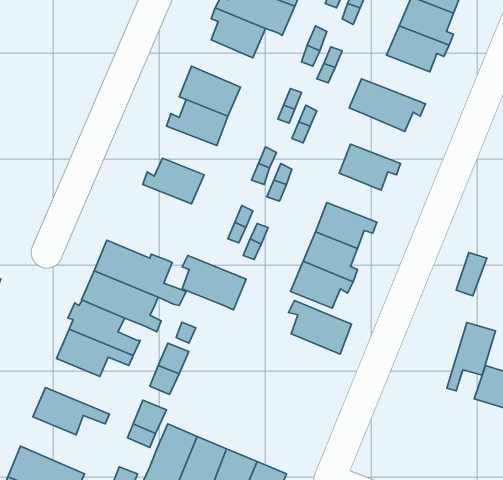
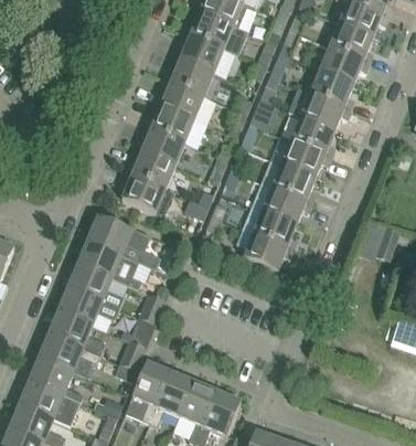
building: none -> [166,57,214,95]
building: none -> [311,70,354,108]
building: none -> [291,116,335,156]
building: none -> [142,126,185,164]
building: none -> [273,163,316,202]
building: [182,256,246,310] -> [122,172,173,215]
building: [289,301,352,354] -> none
building: [447,323,495,391] -> none
building: none -> [50,310,106,354]
building: none -> [30,357,84,402]

